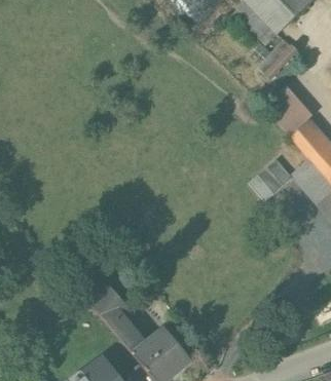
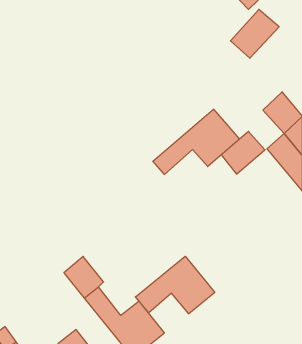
building: [265,88,309,136] -> none
building: none -> [153,109,239,174]
building: none -> [135,256,215,314]

